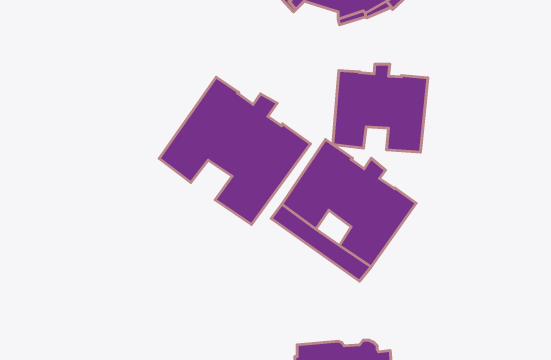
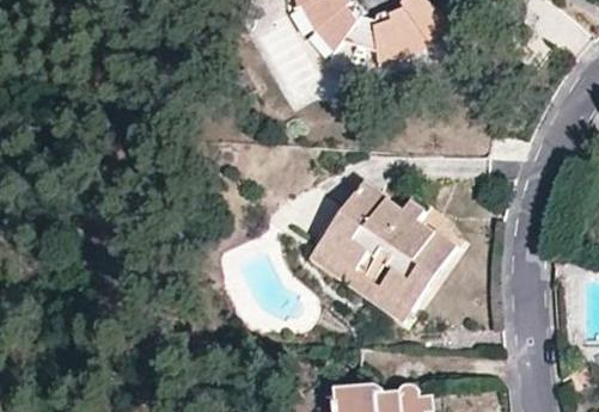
building: [333,64,428,152] -> none
building: [159,77,310,224] -> none

